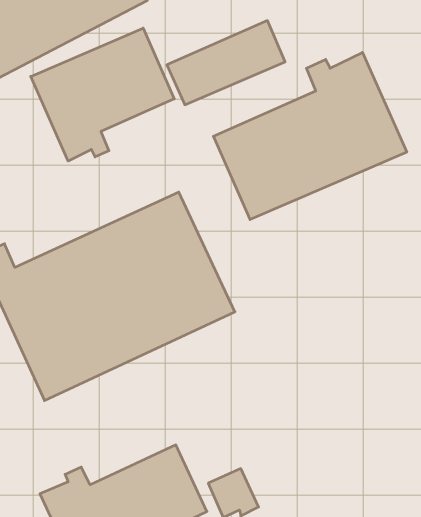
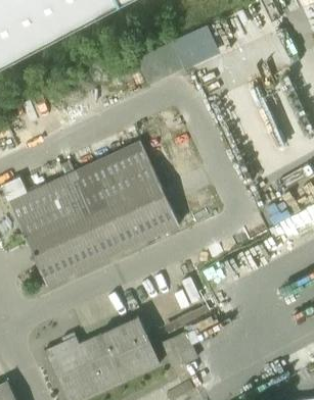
building: [31,28,174,161] -> none
building: [213,52,407,220] -> none

